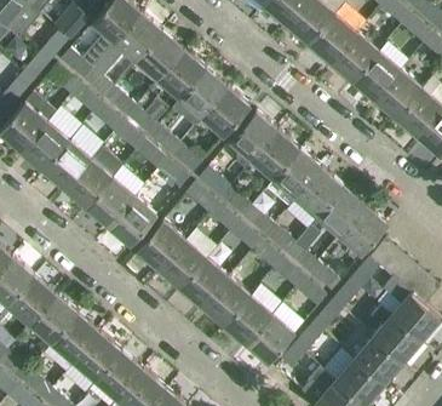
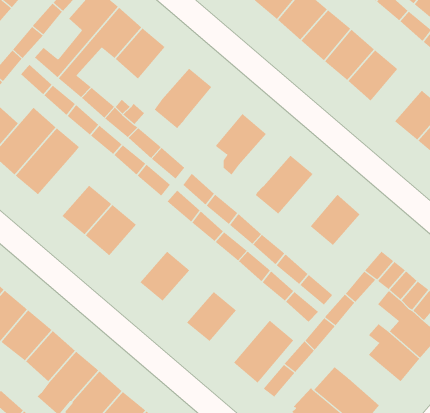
building: [159,50,206,98] -> none
building: [375,70,423,119] -> none
building: [202,87,251,137] -> none
building: [253,131,300,179] -> none
building: [65,148,122,207] -> none
building: [286,168,344,229] -> none
building: [340,206,388,255] -> none
building: [138,221,185,269] -> none
building: [182,258,229,307] -> none
building: [225,286,281,344] -> none
building: [355,337,403,384] -> none

